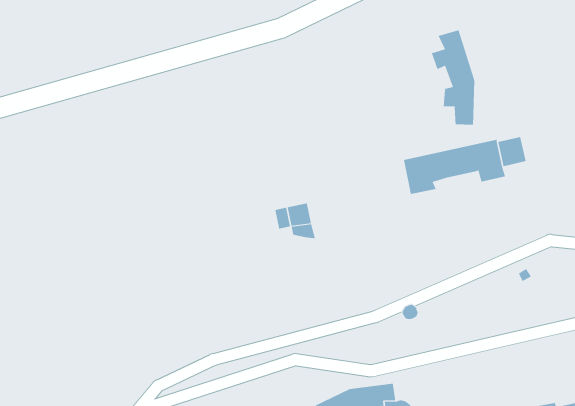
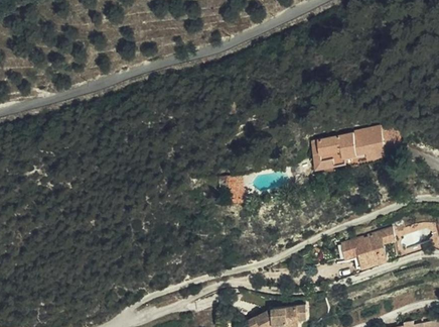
building: [431,30,475,126] -> none
building: none -> [343,228,394,265]

